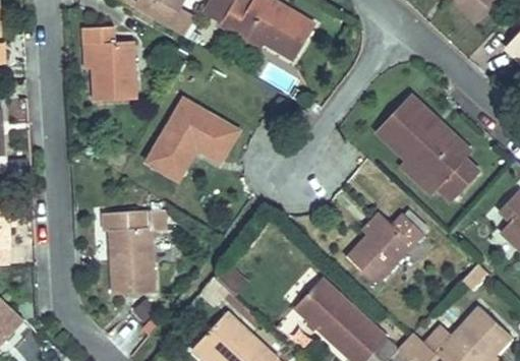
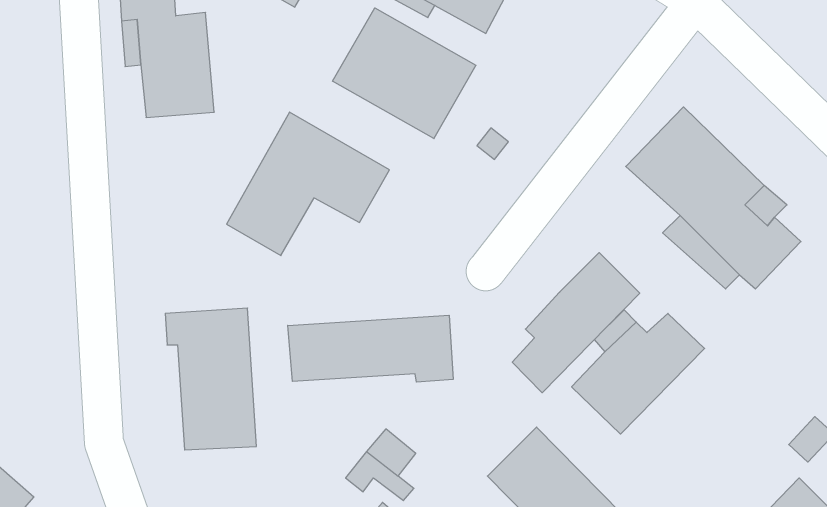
building: none -> [333,8,476,139]
building: none -> [512,253,640,393]
building: none -> [288,315,453,382]

